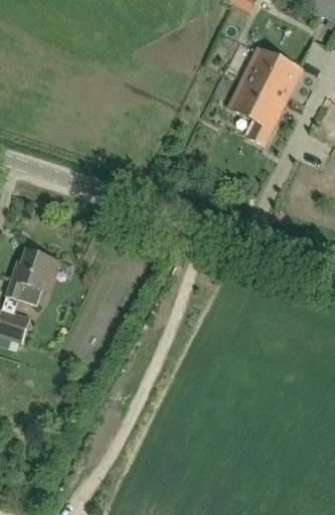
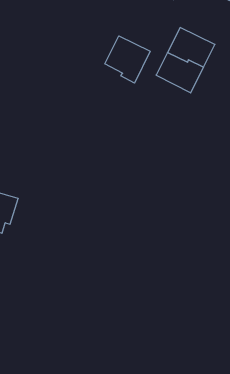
building: none -> [105,36,150,83]

